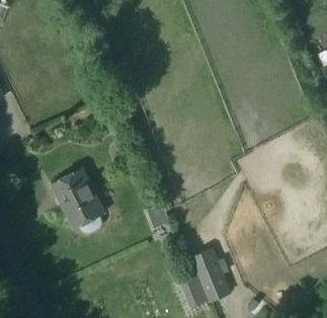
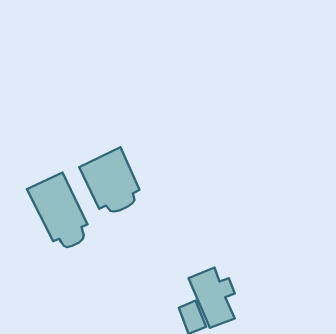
building: none -> [79,147,140,212]

